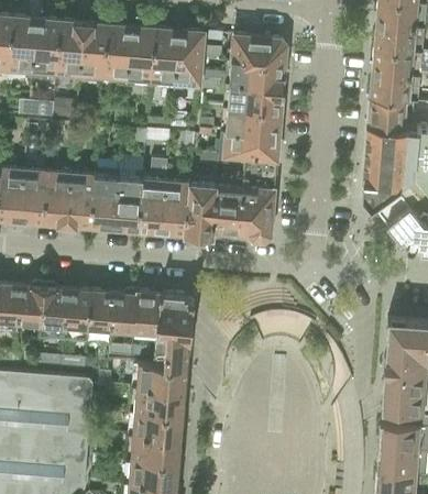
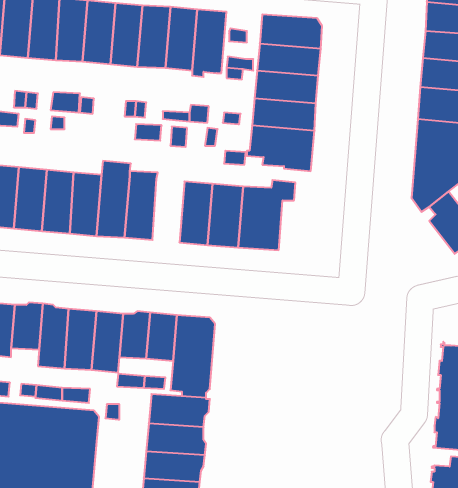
building: [243,165,276,239] -> none
building: [140,176,167,231] -> none

